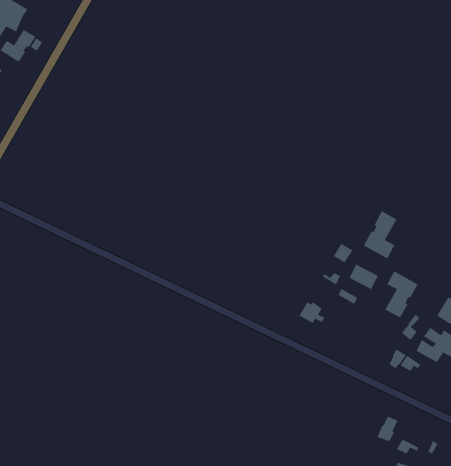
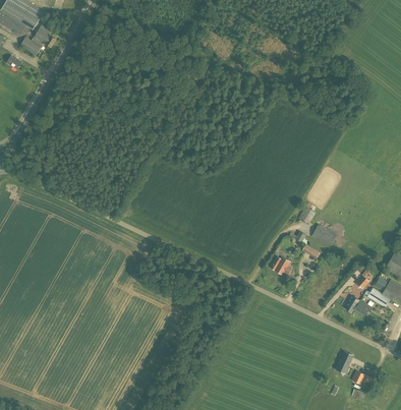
building: [363,210,398,260] -> none
building: [384,270,419,319] -> none

